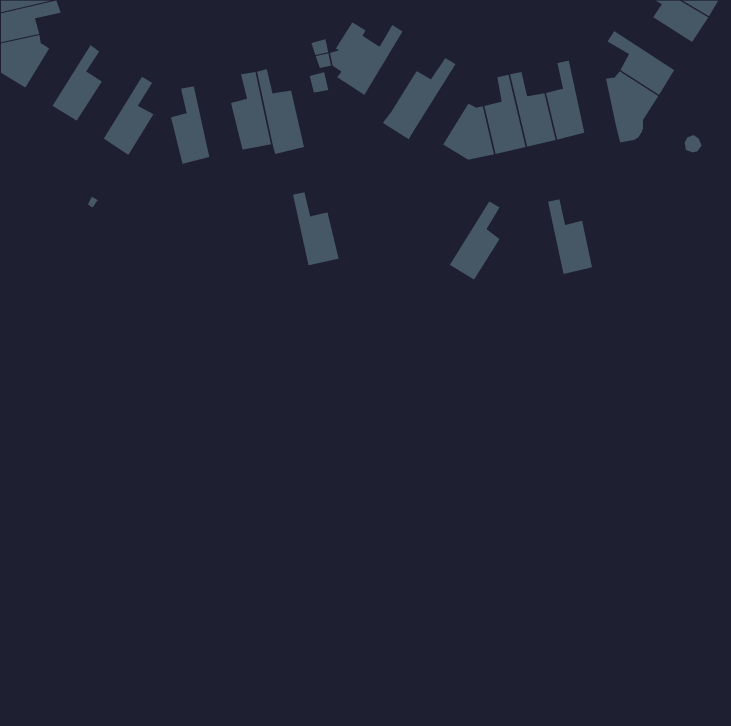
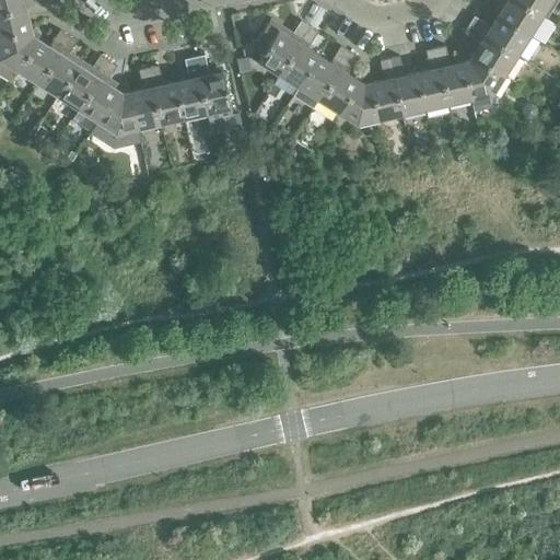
building: none -> [469,16,529,57]
building: none -> [279,27,318,89]
building: none -> [20,31,69,84]
building: none -> [59,56,108,109]
building: none -> [98,91,139,133]
building: [292,192,339,266] -> [149,67,185,124]
building: [547,199,593,274] -> [435,47,470,105]
building: [449,200,500,281] -> [318,52,358,114]

